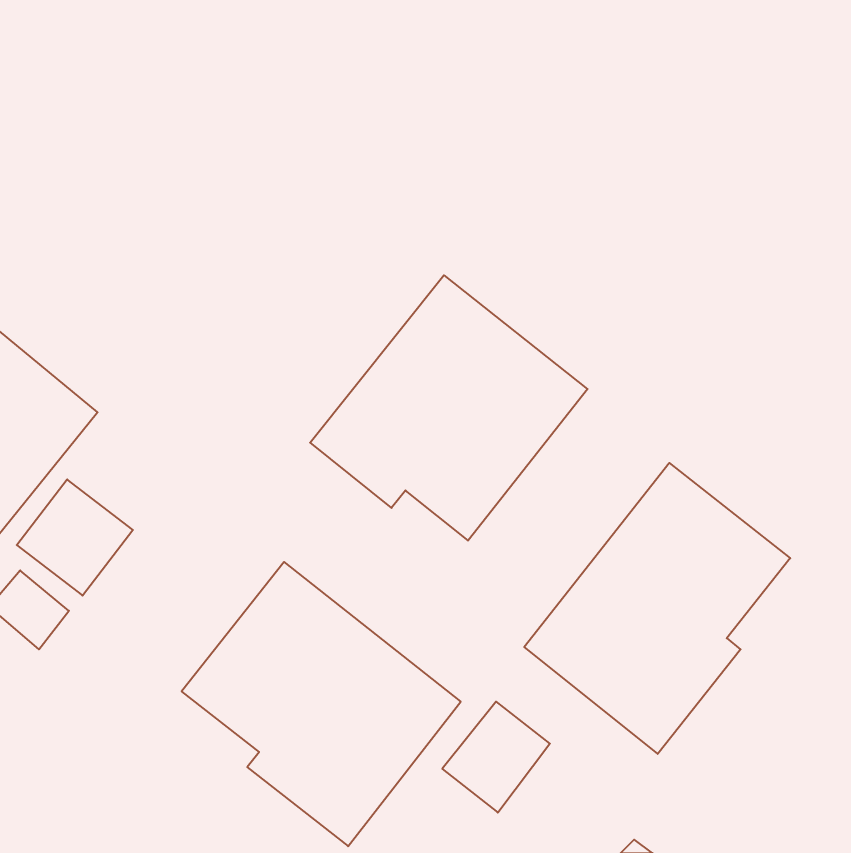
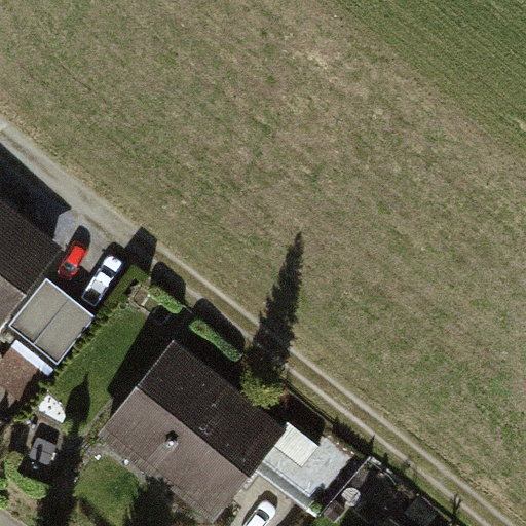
building: [310,275,588,541] -> none
building: [524,463,790,754] -> none

